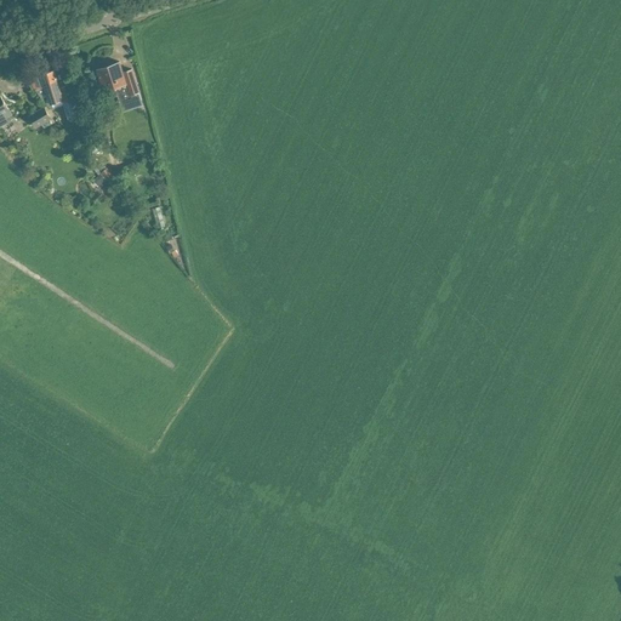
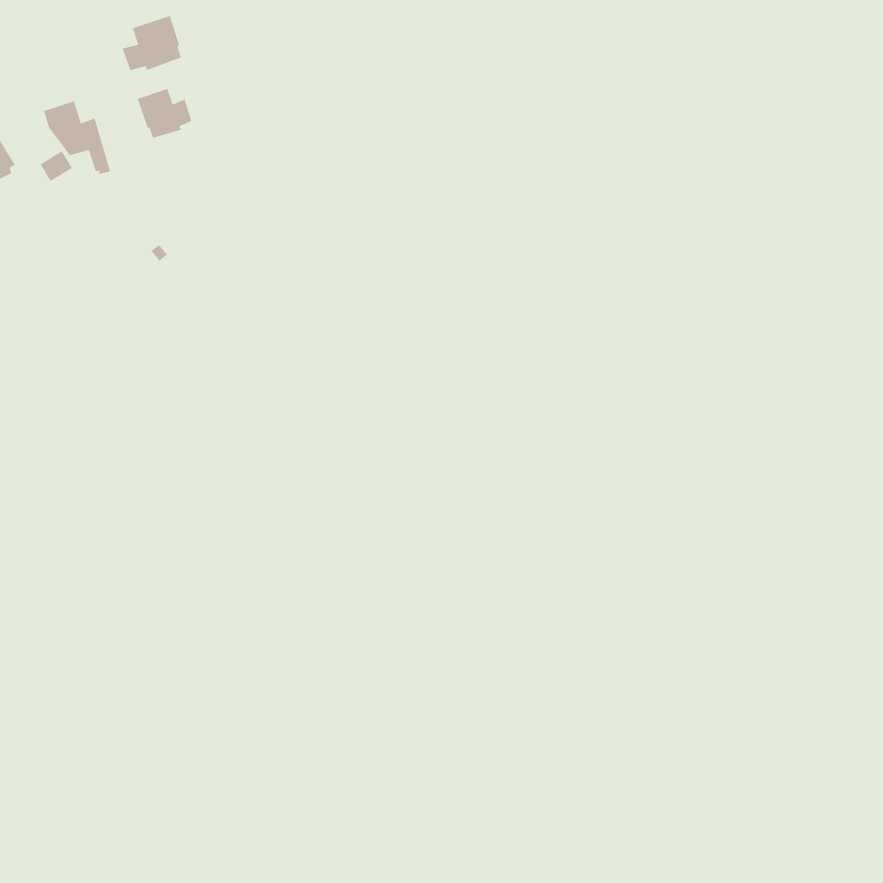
building: none -> [122,15,182,71]

